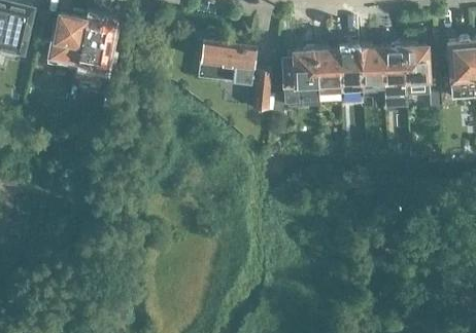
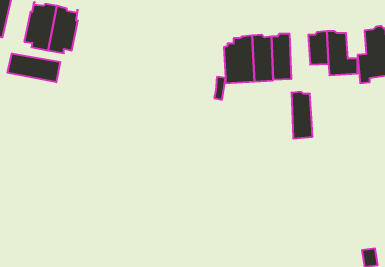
building: [199,36,276,112] -> none
building: [361,45,385,100] -> [291,92,313,139]
building: none -> [7,53,60,82]

